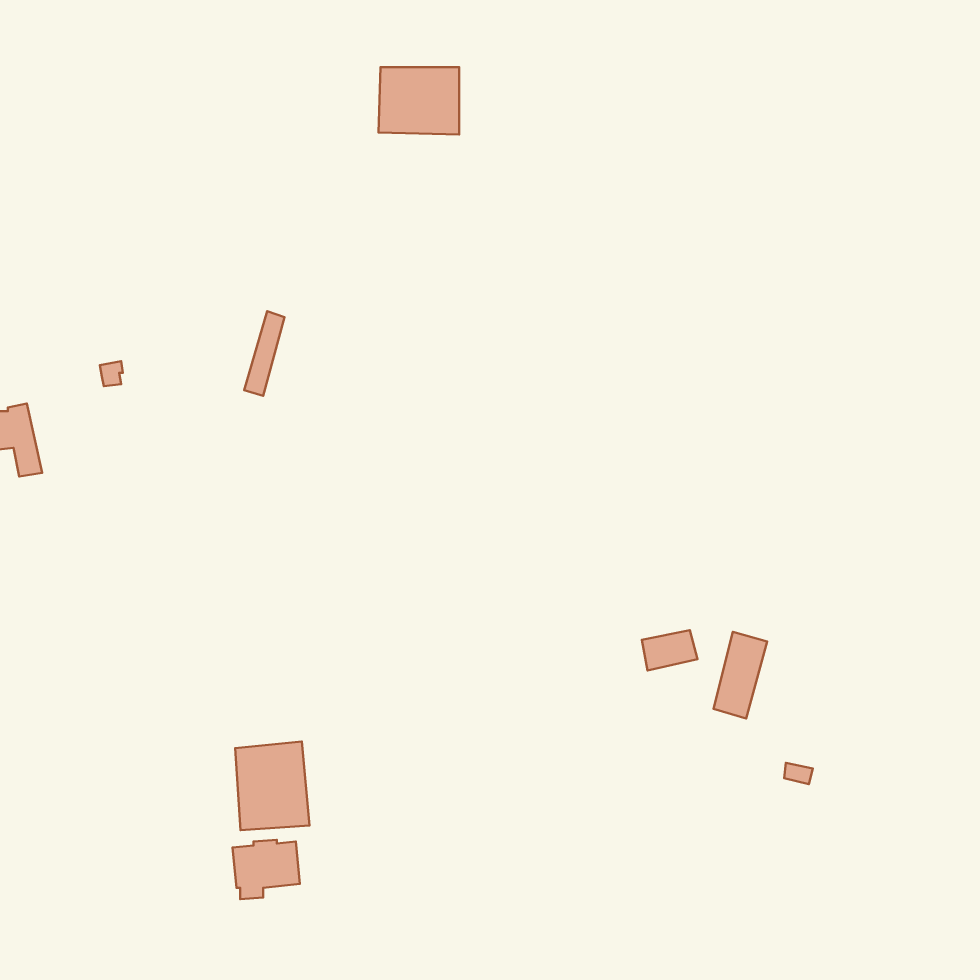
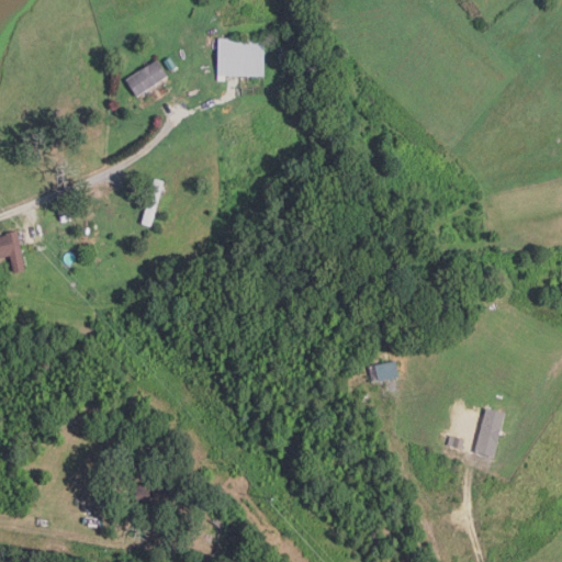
building: none -> [124,60,166,98]
building: [714,632,767,718] -> [474,408,505,458]
building: [235,742,309,830] -> none

